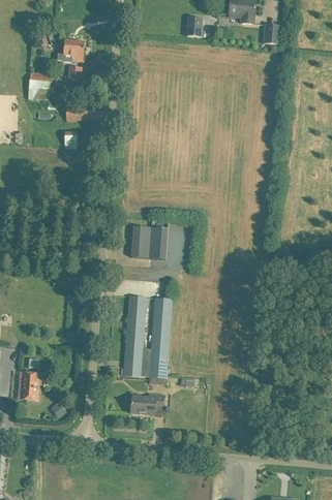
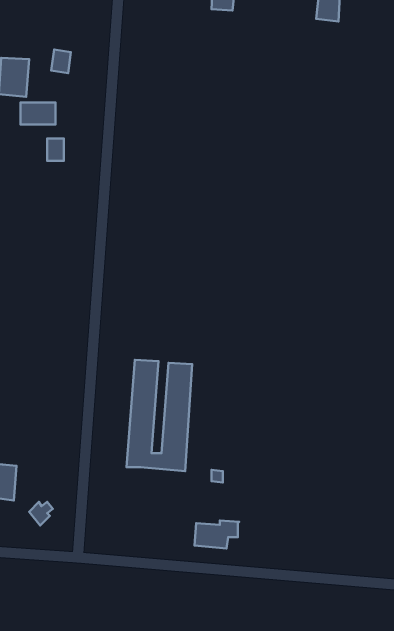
building: [63,39,84,61] -> none
building: [130,226,167,259] -> none
building: [130,394,163,414] -> [195,520,239,548]

